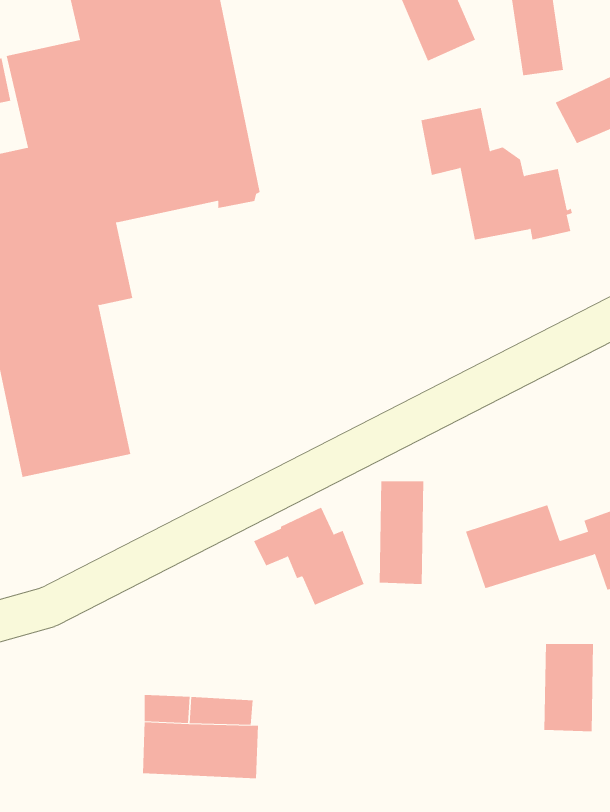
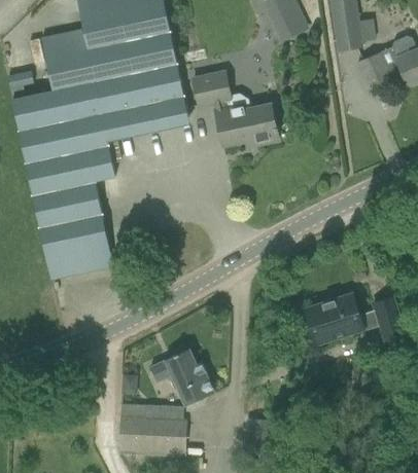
building: [420,107,573,240] -> [191,70,279,146]
building: [379,481,424,585] -> none
building: [253,507,365,606] -> [149,349,213,405]
building: [544,643,594,732] -> none

